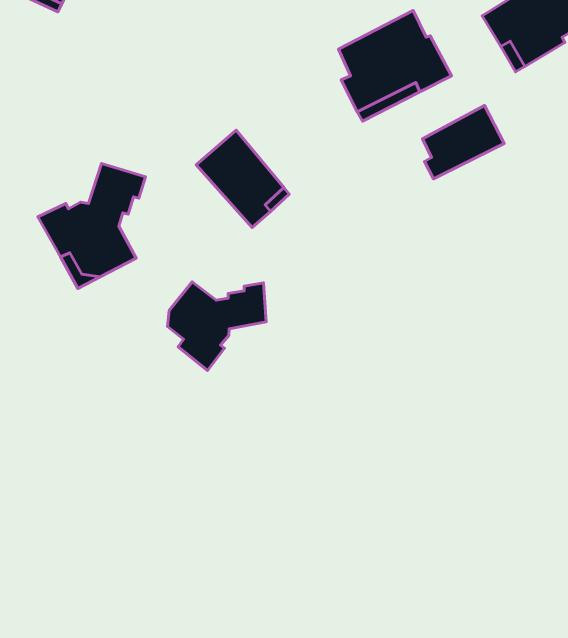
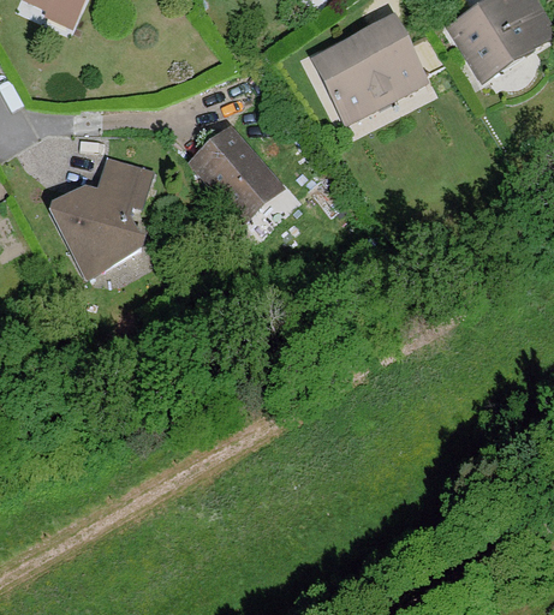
building: [423,106,504,179] -> none
building: [168,282,266,370] -> none

